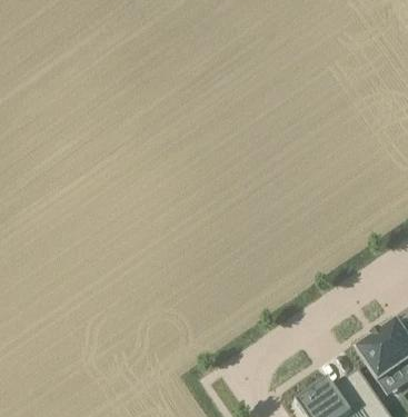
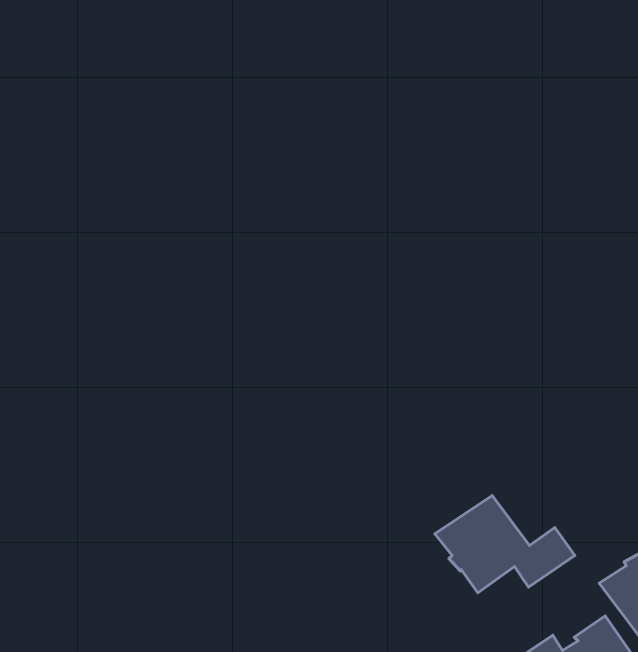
building: none -> [435,496,575,593]

